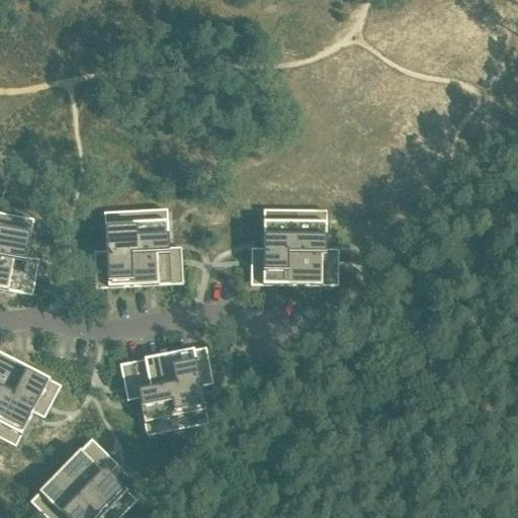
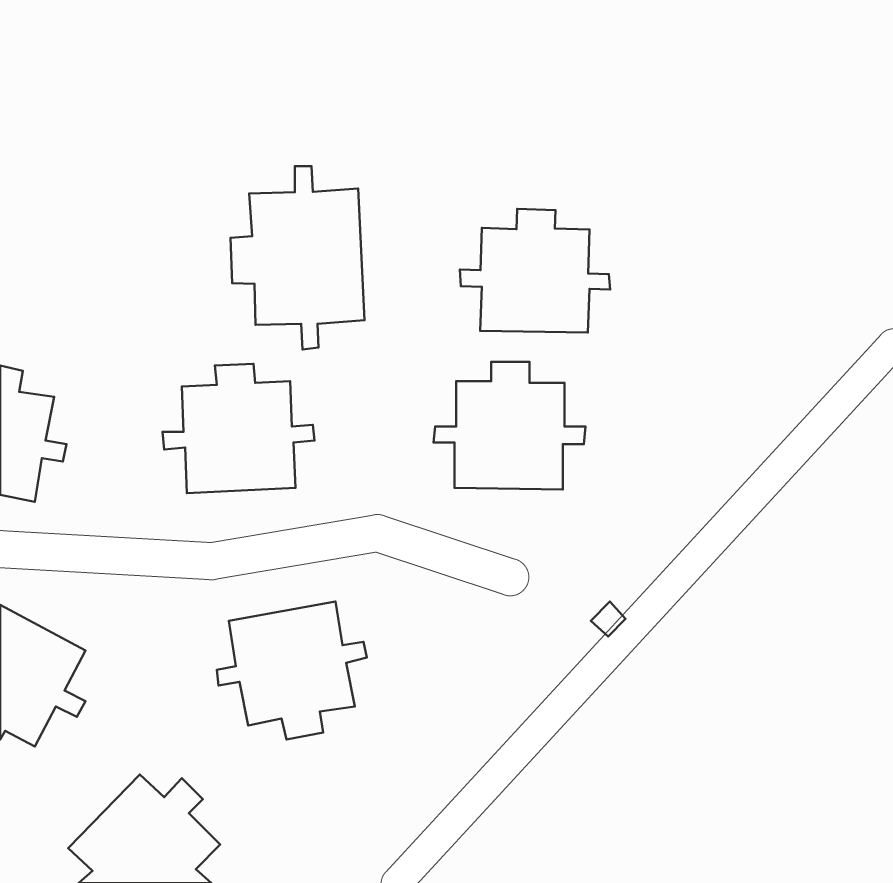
building: none -> [230,166,364,350]
building: none -> [460,209,610,333]

